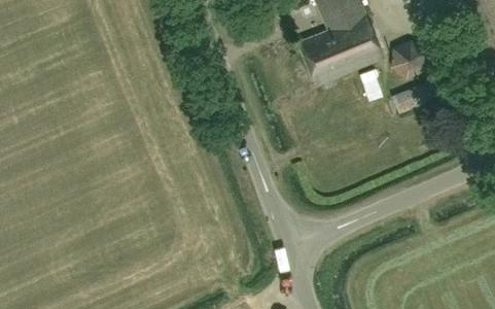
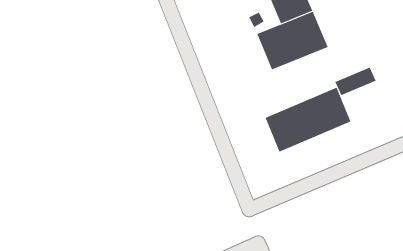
building: [389,41,426,79] -> none
building: none -> [265,87,351,152]

